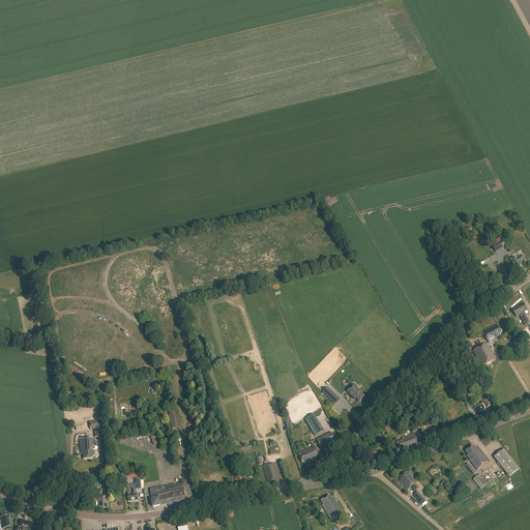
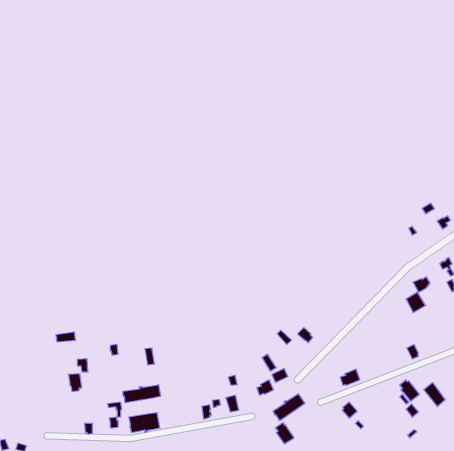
building: none -> [123,385,160,403]
building: none -> [273,394,305,421]

